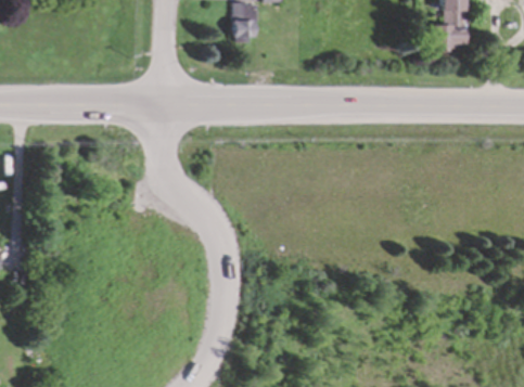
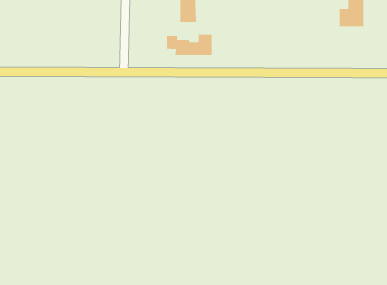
building: none -> [166,34,212,56]

